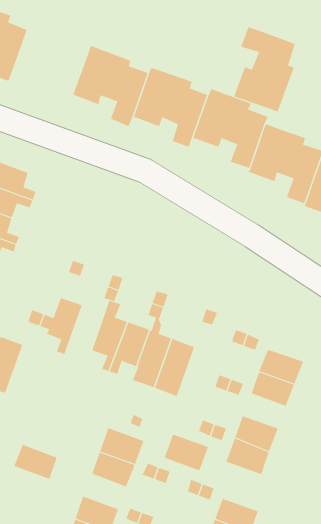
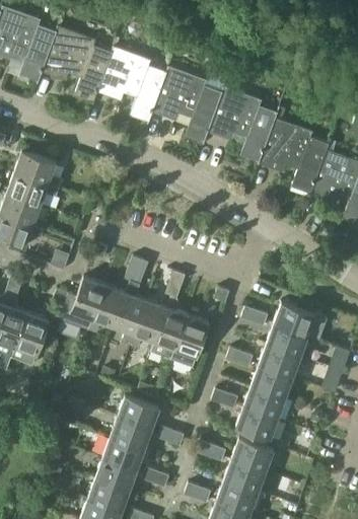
building: none -> [40,24,110,98]
building: [234,26,296,113] -> none
building: none -> [88,284,125,332]
building: none -> [275,302,315,336]
building: none -> [252,365,292,397]
building: [164,434,209,471] -> [233,439,275,473]
building: [13,444,57,480] -> [104,439,145,471]

